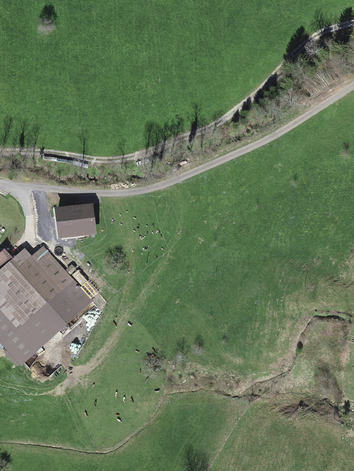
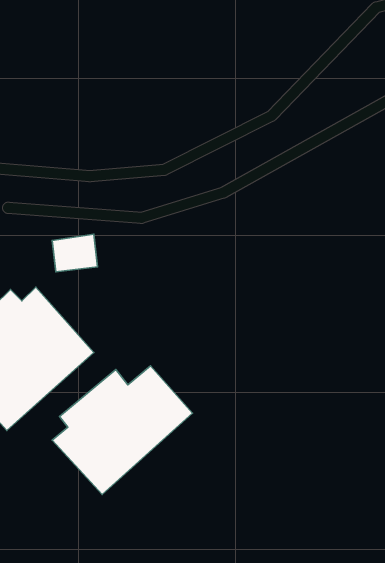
building: none -> [52,366,193,494]

